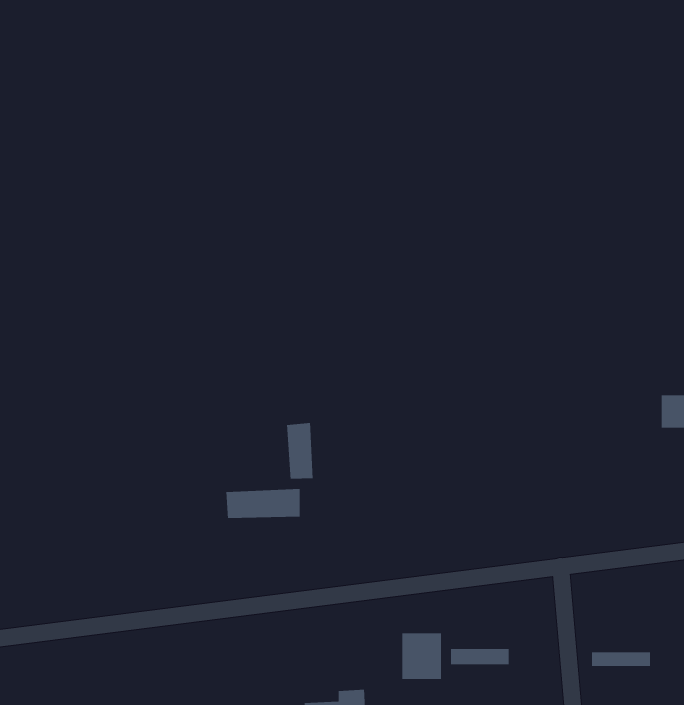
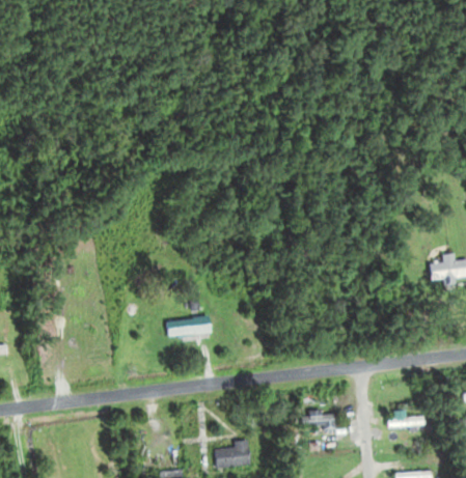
building: [286,422,314,480] -> none
building: [401,633,442,680] -> none

